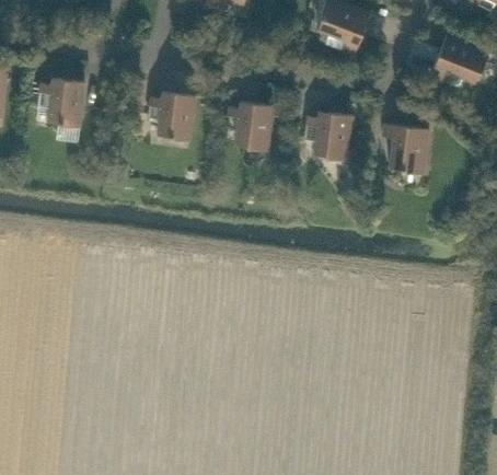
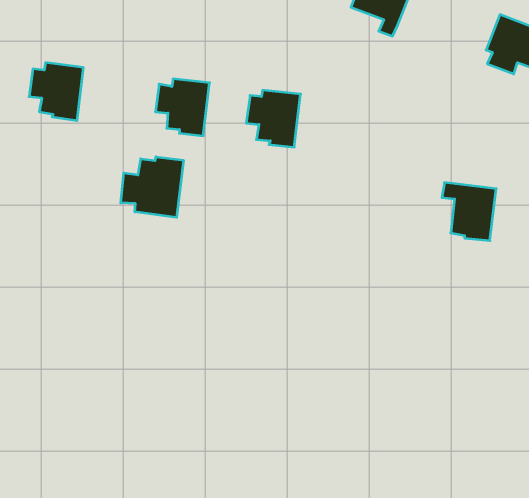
building: [304,111,351,161] -> none
building: [382,124,429,174] -> [442,183,496,241]
building: none -> [121,157,183,217]

